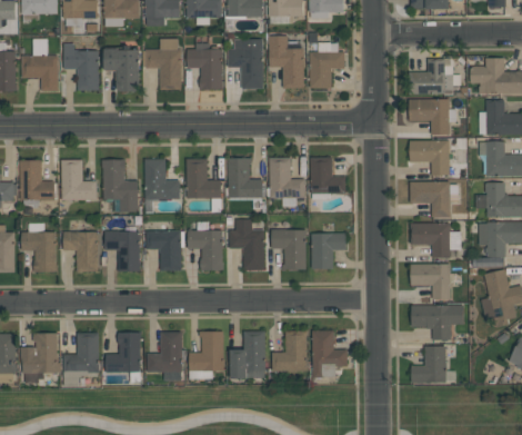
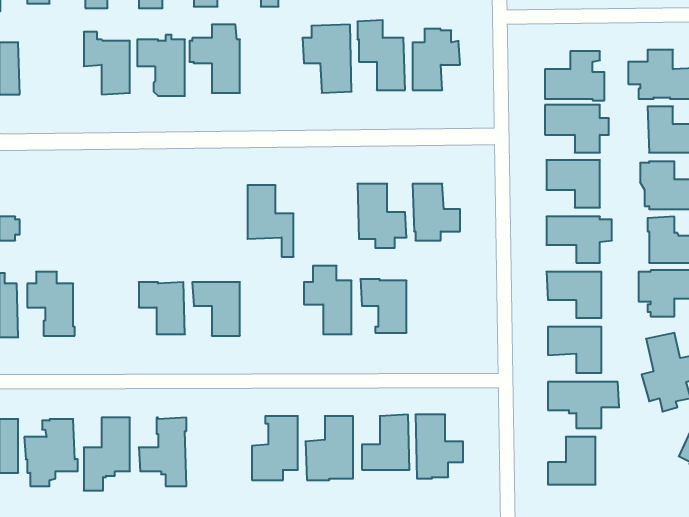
building: [22,39,59,91] -> none
building: [188,43,223,89] -> none
building: [144,159,180,200] -> none
building: [229,159,263,198] -> none
building: [20,160,54,201] -> none
building: [61,160,97,200] -> none
building: [102,160,138,211] -> none
building: [188,223,224,270] -> none
building: [63,231,99,271] -> none
building: [311,234,345,268] -> none
building: [148,333,183,382] -> none

